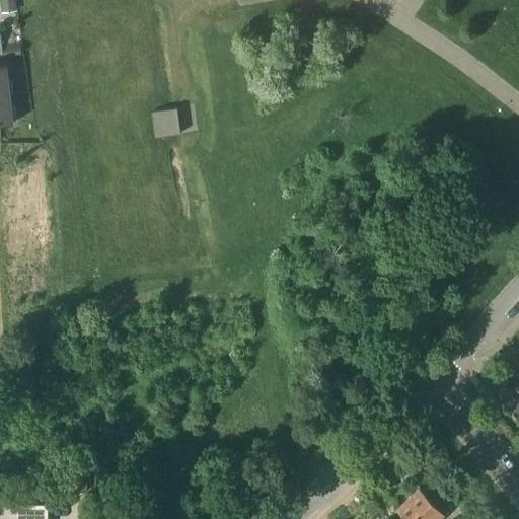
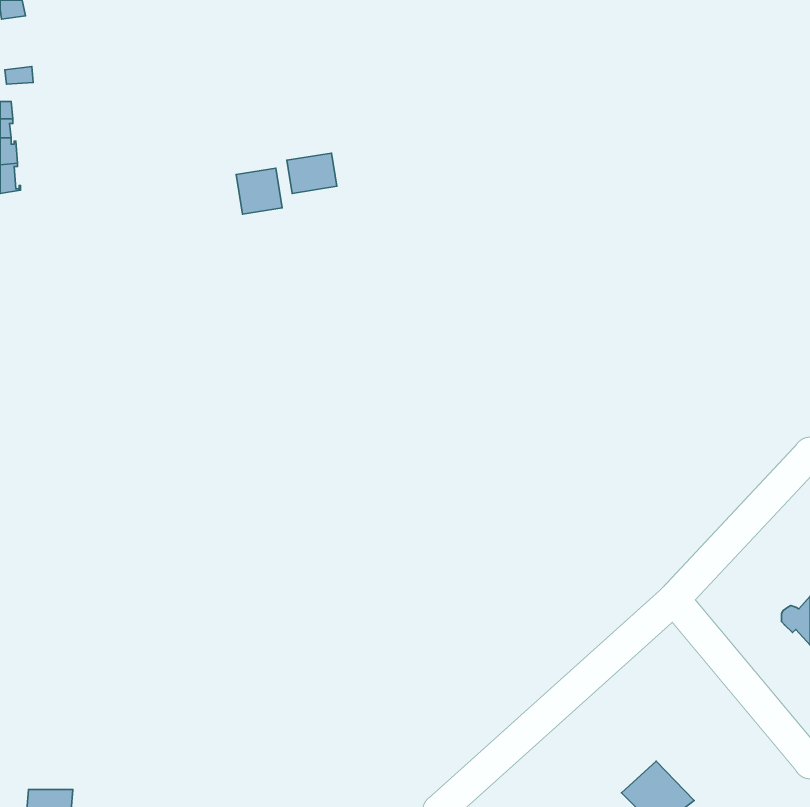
building: none -> [287,153,337,193]

